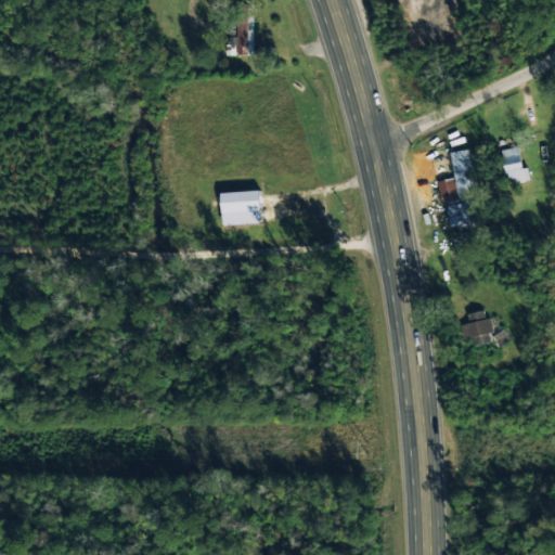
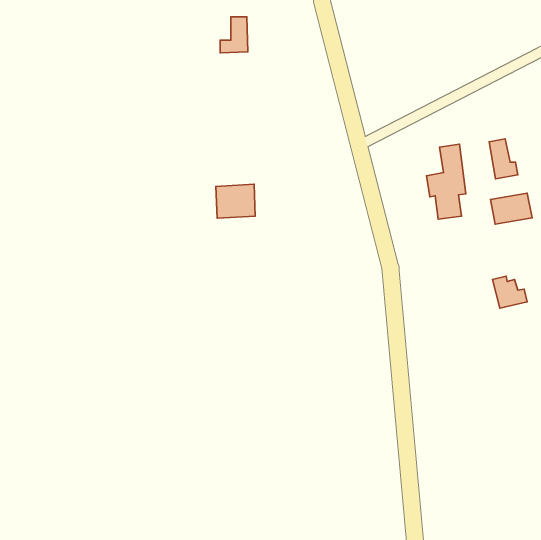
building: none -> [490,193,532,224]
building: [469,314,505,347] -> [492,276,527,308]

